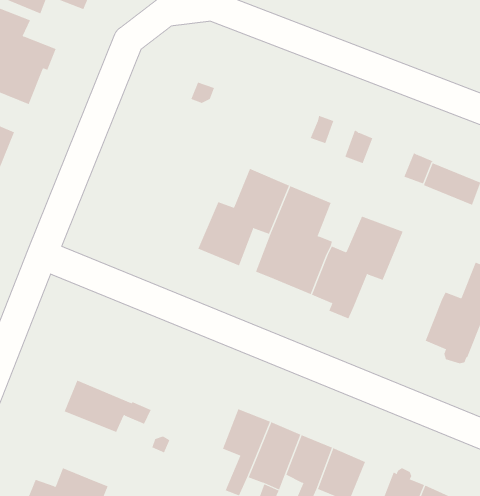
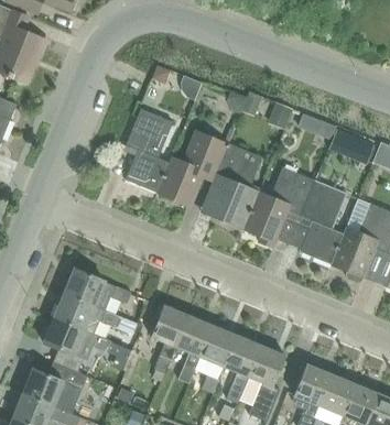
building: none -> [124,109,173,193]
building: none -> [299,179,347,263]
building: none -> [64,269,130,310]
building: none -> [151,305,187,372]
building: none -> [44,317,111,370]

